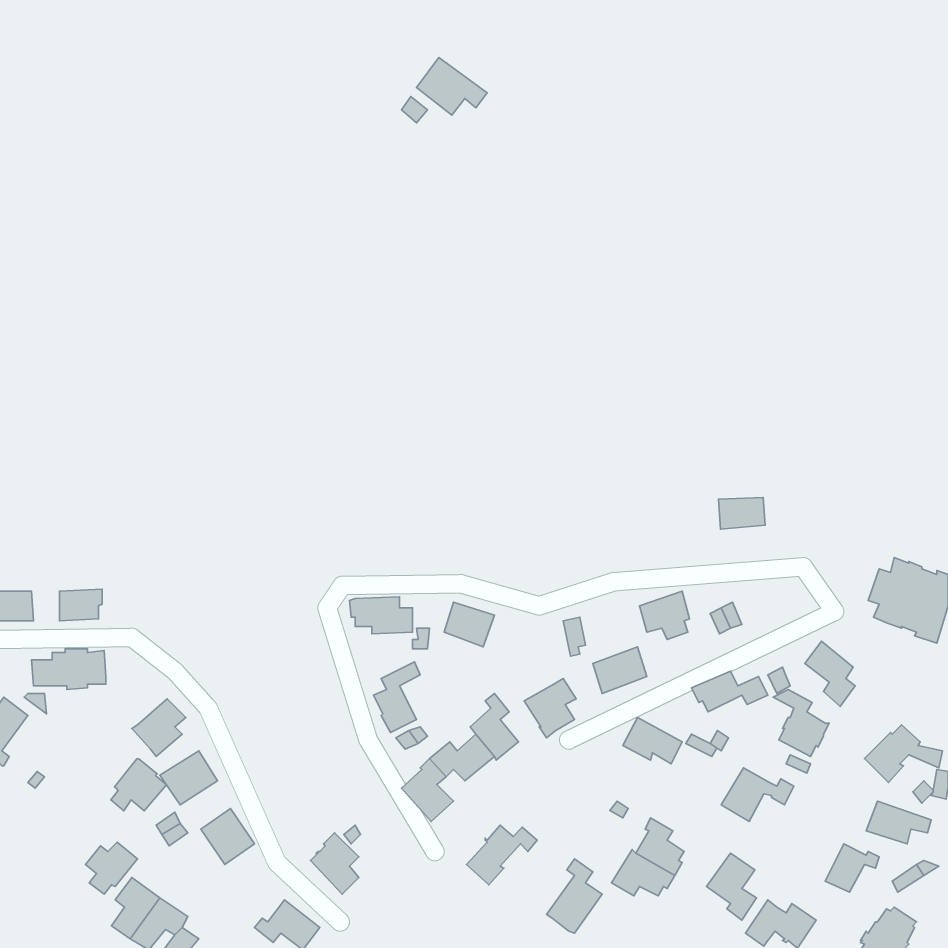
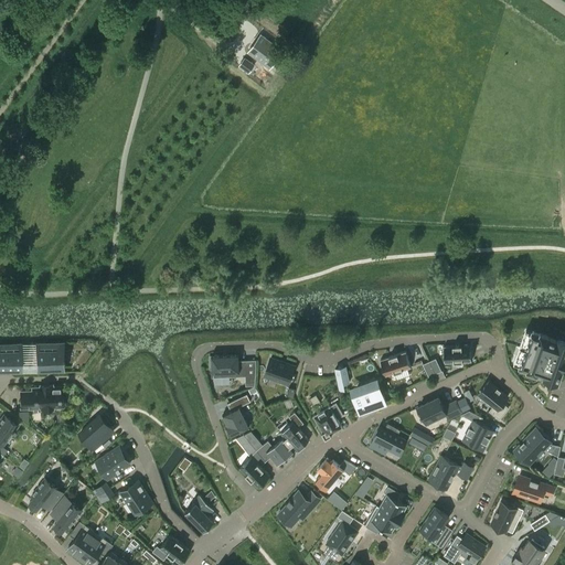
building: [719,497,765,529] -> [443,345,470,364]
building: [111,759,167,811] -> [29,479,62,510]
building: none -> [315,458,355,489]

